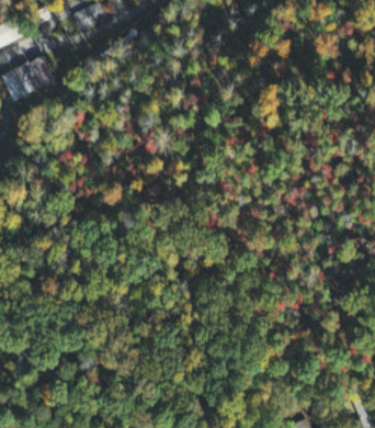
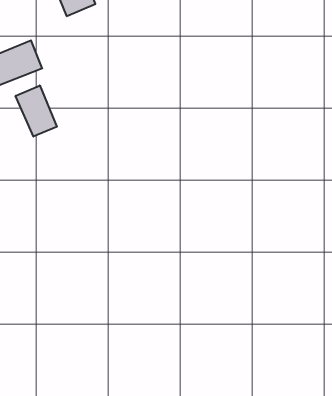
building: none -> [16,85,57,137]

